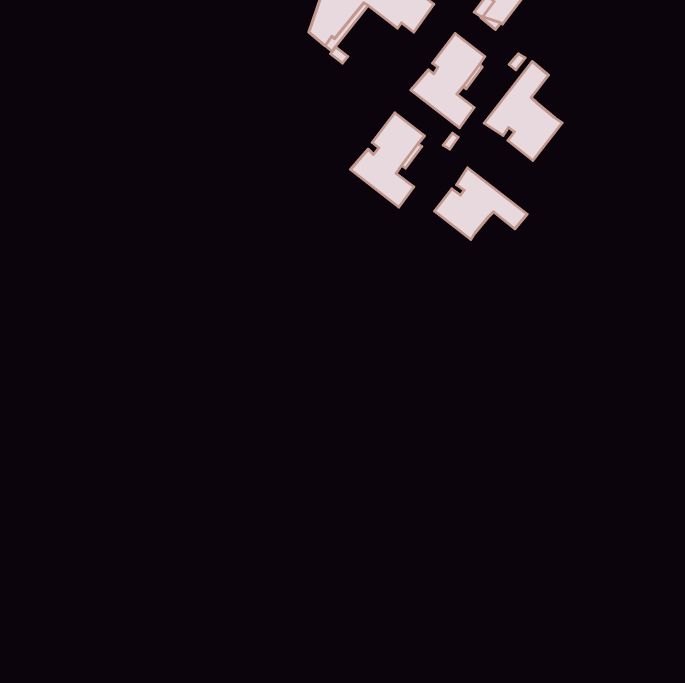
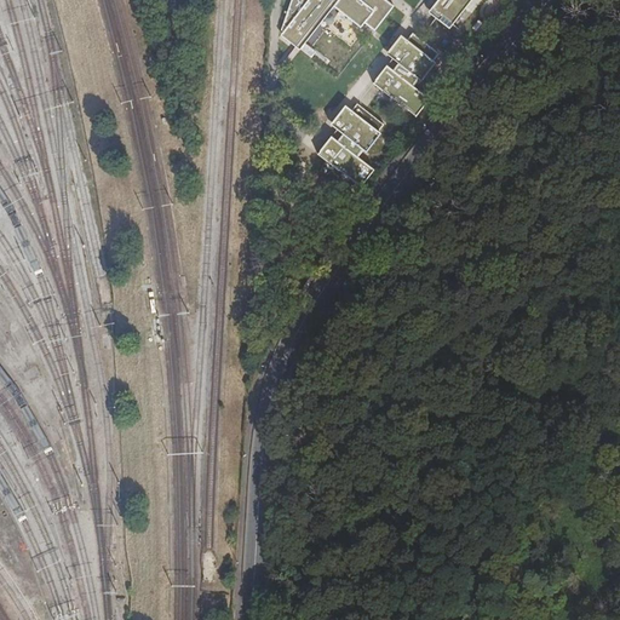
building: [484,61,562,160] -> none
building: [434,168,527,240] -> none

